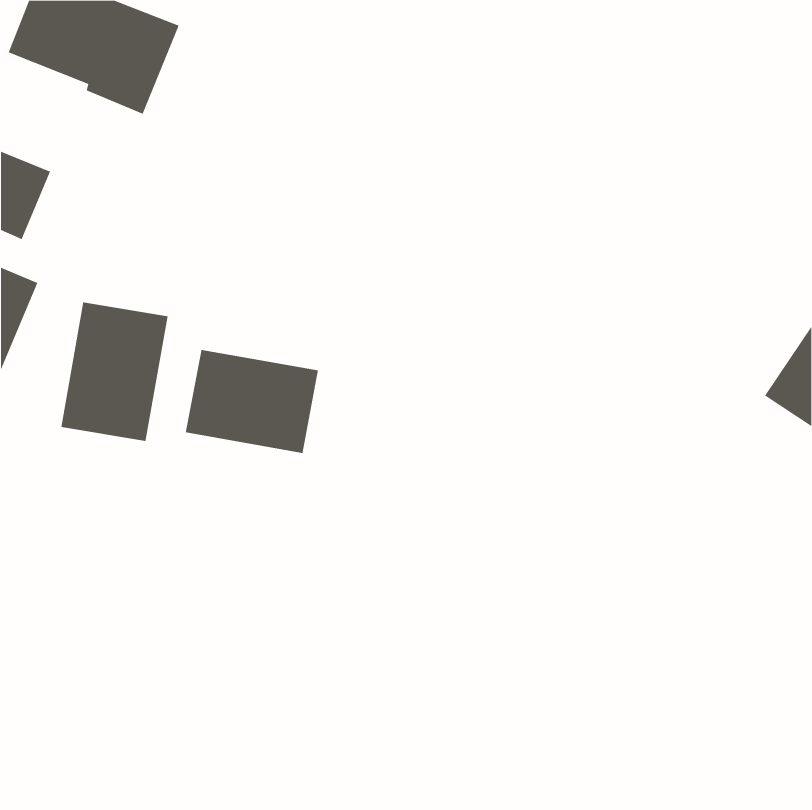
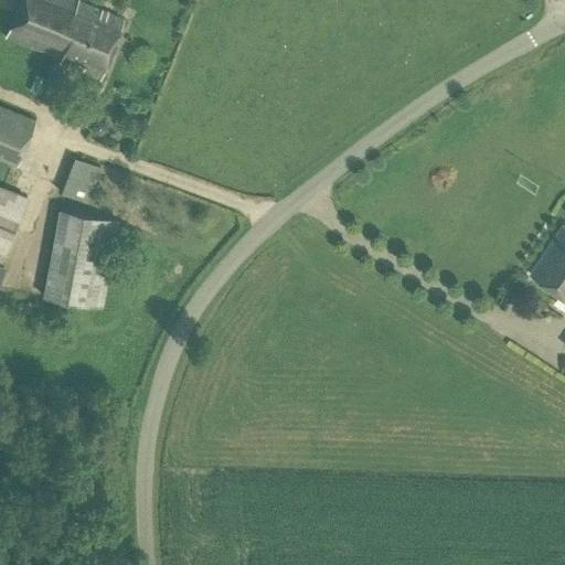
building: none -> [61,159,99,203]
building: [185,349,319,454] -> none

